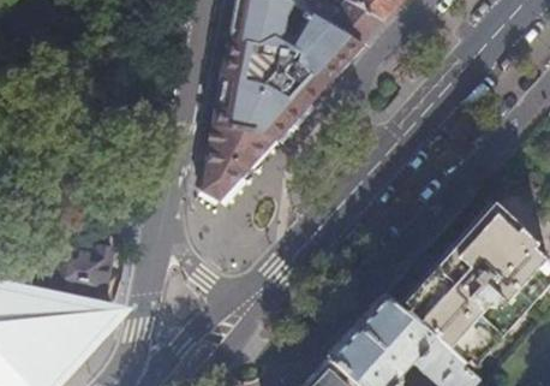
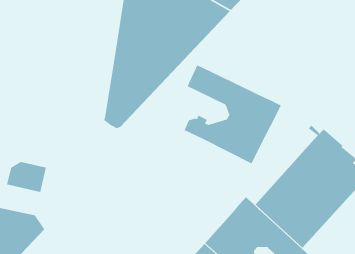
building: none -> [183,64,282,164]

